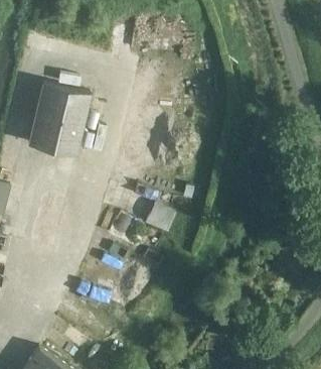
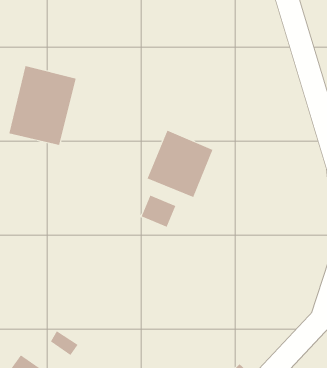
building: none -> [147,130,213,198]

